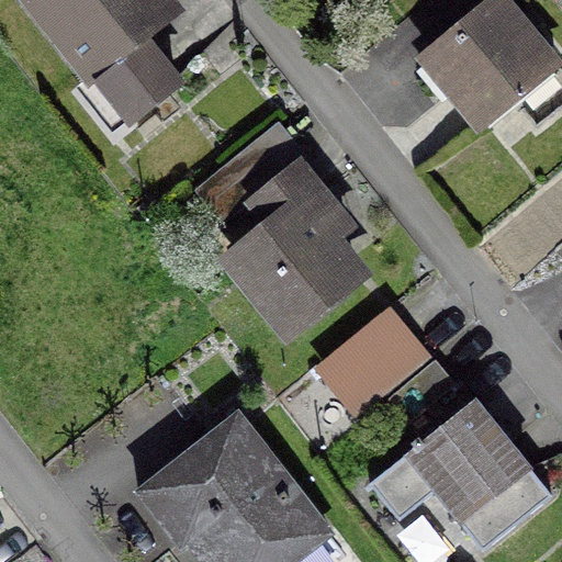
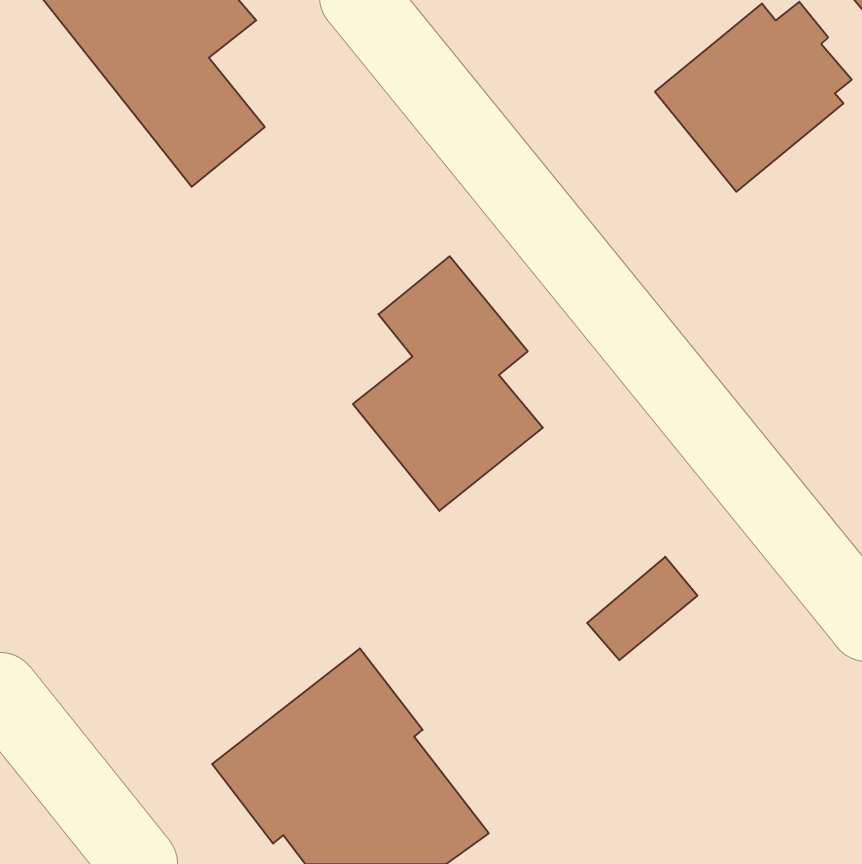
building: [323,317,426,416] -> none
building: [374,404,547,543] -> none

